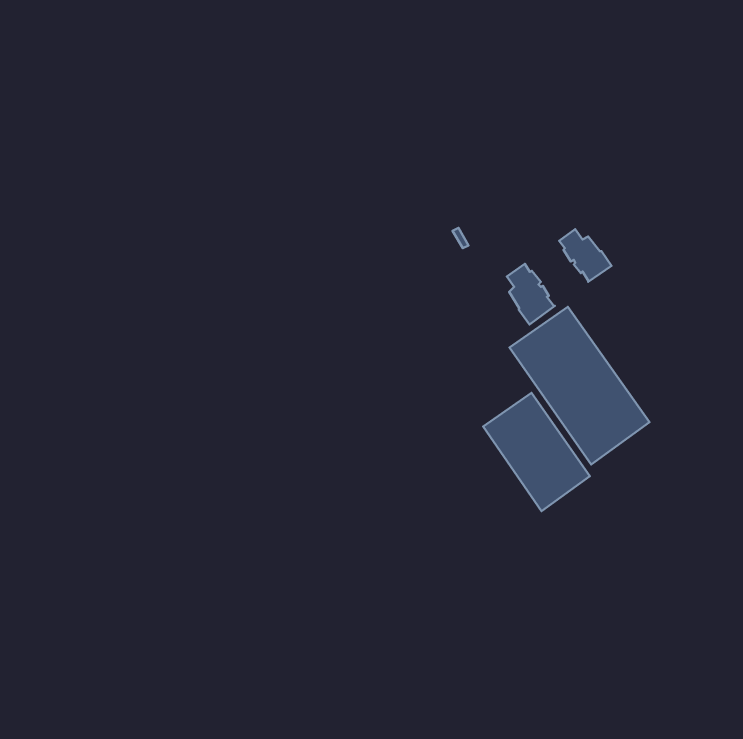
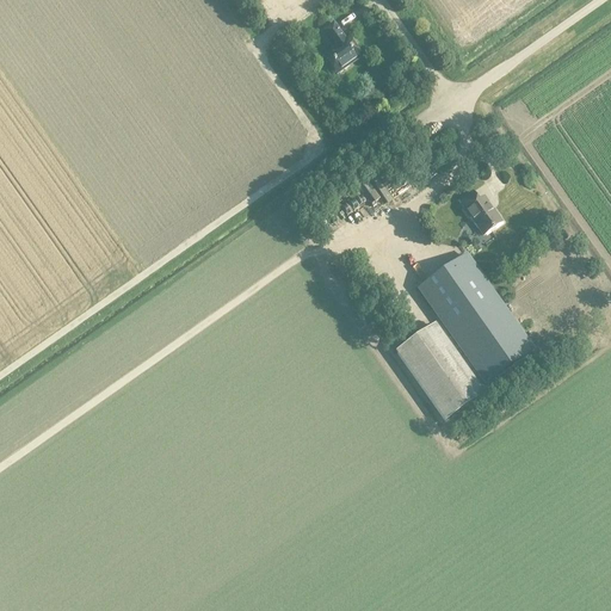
building: none -> [320,18,358,69]
building: [507,264,555,324] -> none

